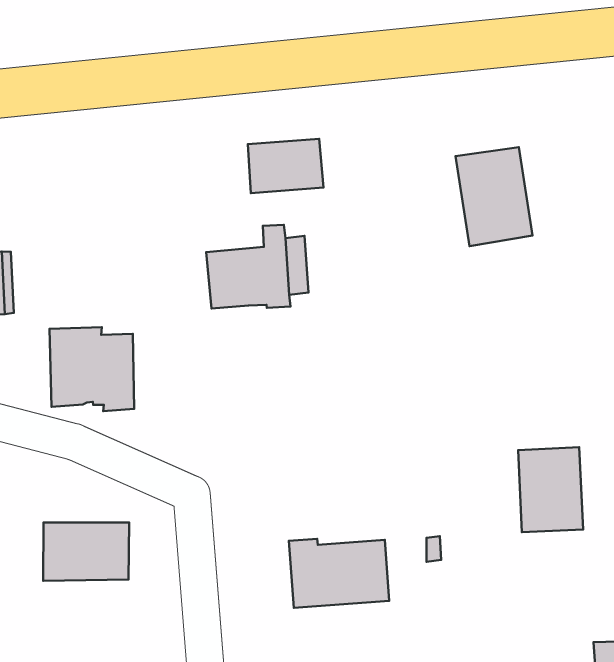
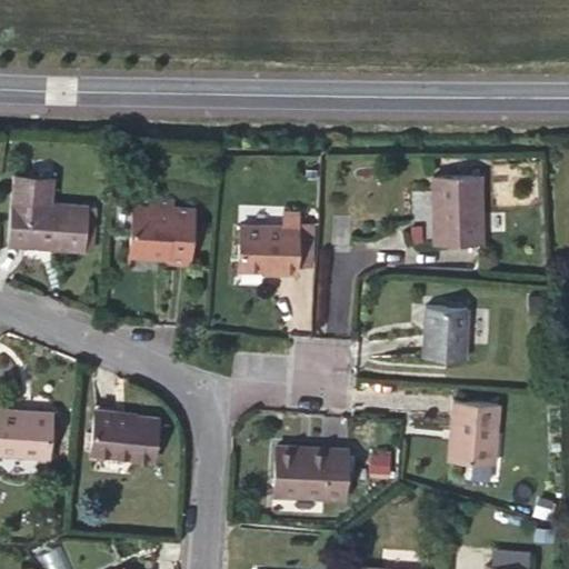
building: [248,139,324,193] -> none
building: none -> [425,307,468,360]
building: [50,327,134,411] -> [129,200,196,267]

